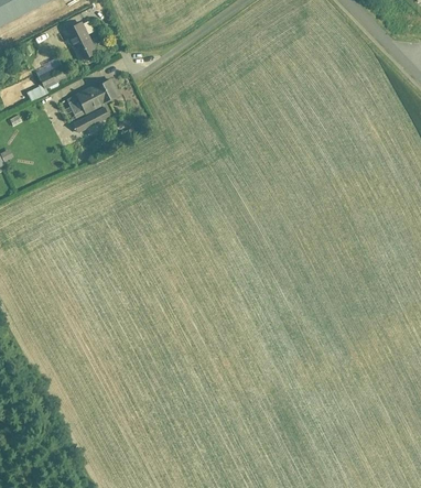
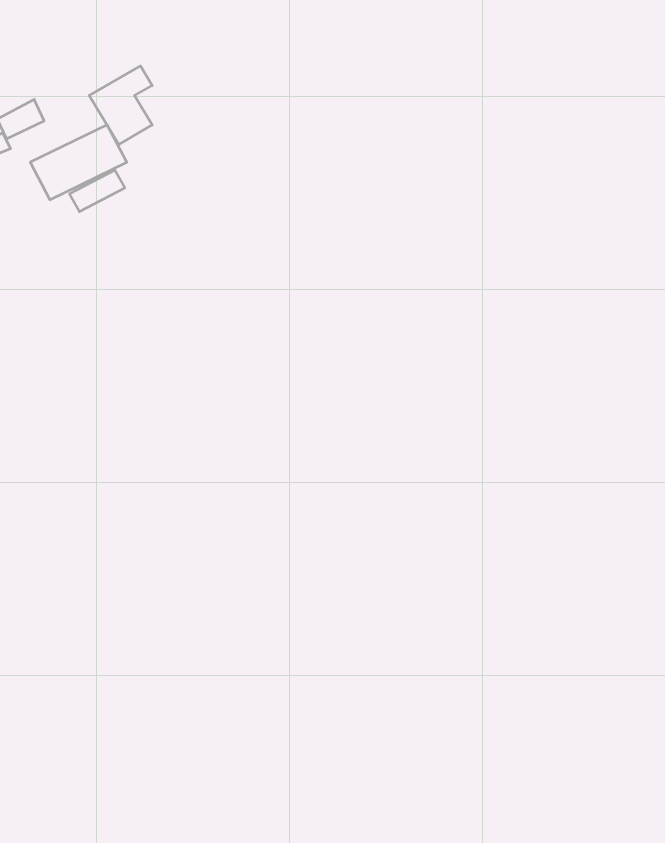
building: [61,14,96,58] -> [89,66,152,145]

